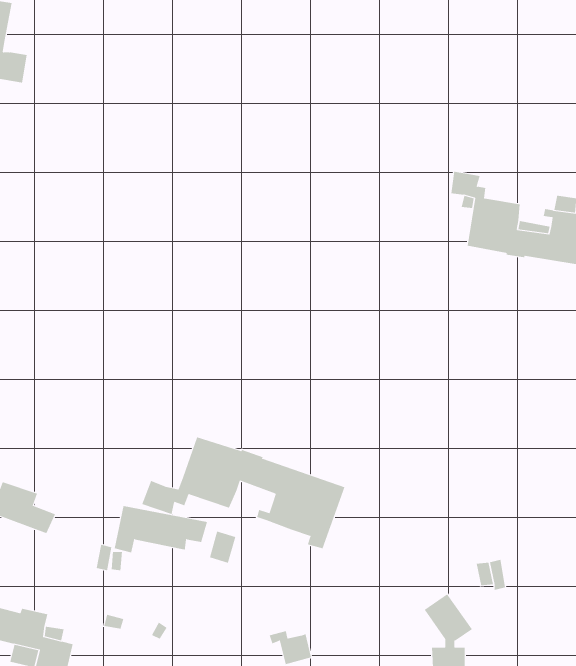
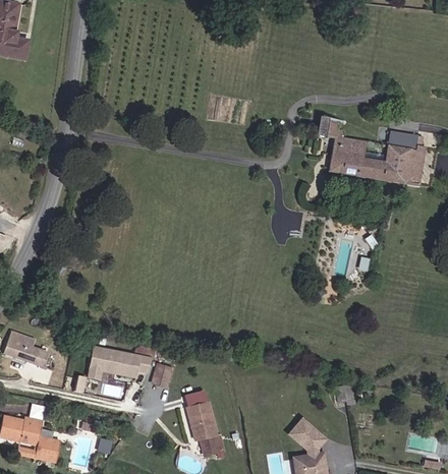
building: [142,437,345,549] -> none
building: none -> [186,401,216,437]

